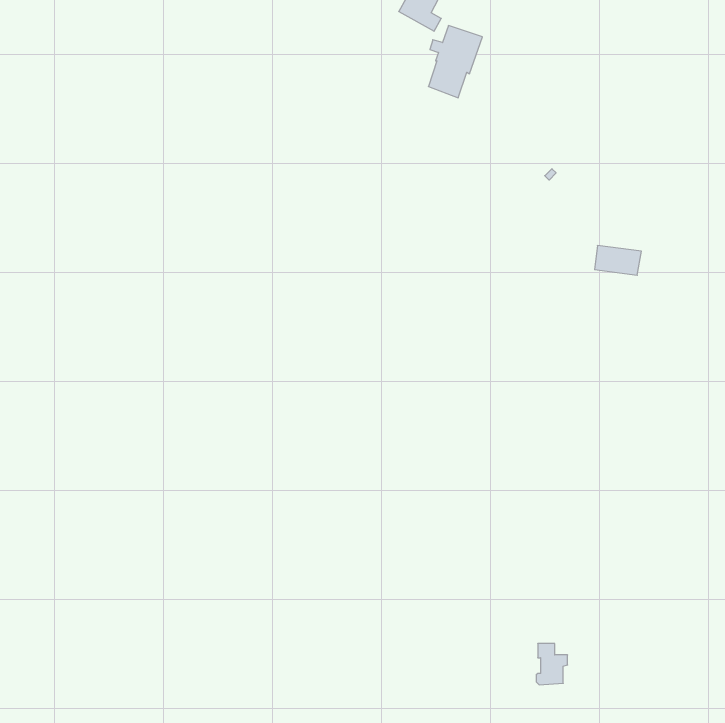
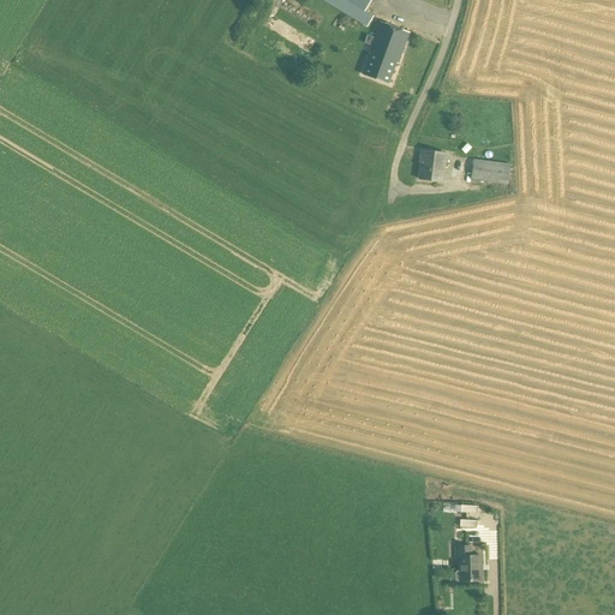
building: none -> [419,150,446,180]
building: [595,246,641,275] -> [471,159,510,184]

